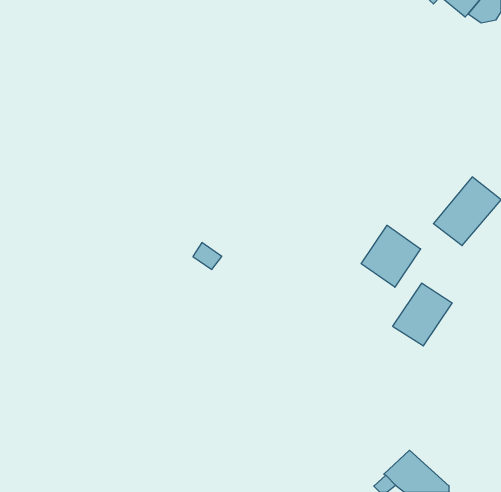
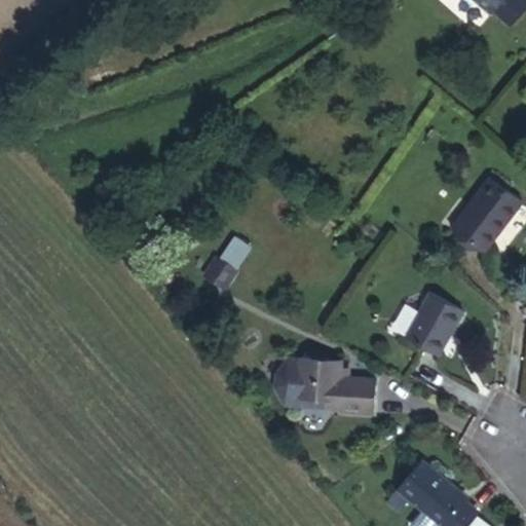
building: [361,225,421,287] -> none
building: none -> [273,356,377,413]

